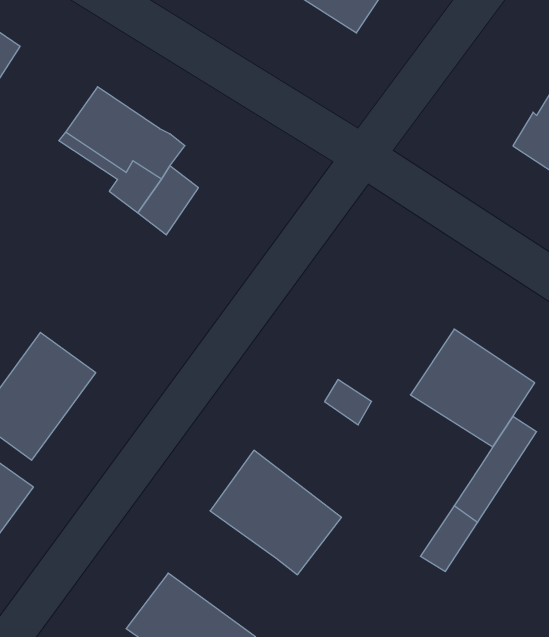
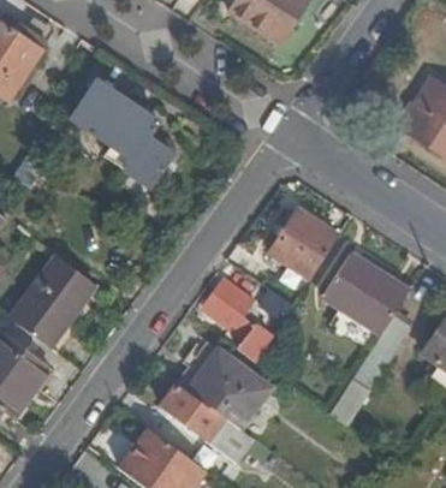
building: none -> [270,208,339,278]
building: none -> [203,278,273,362]
building: none -> [162,383,254,460]

